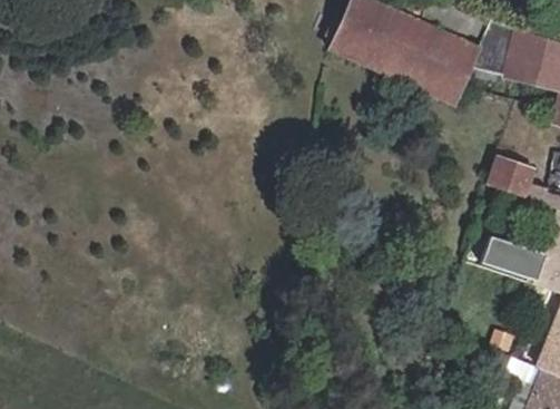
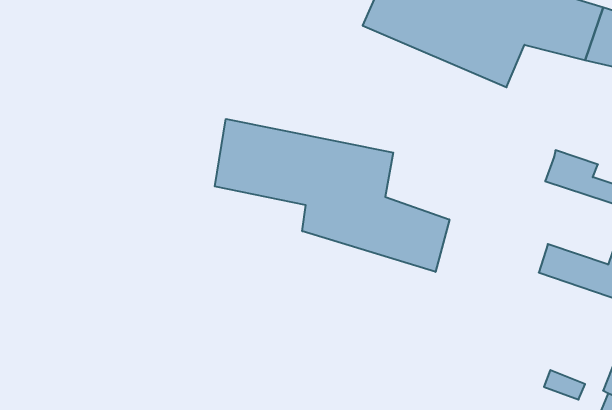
building: none -> [215,119,449,272]

